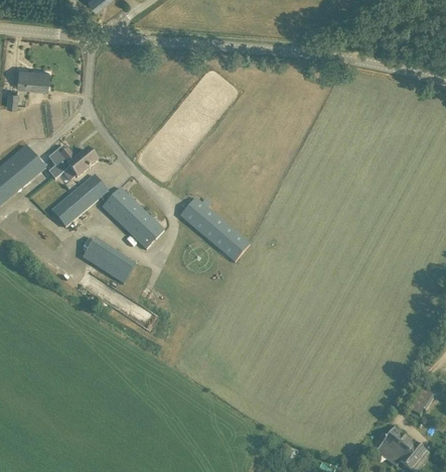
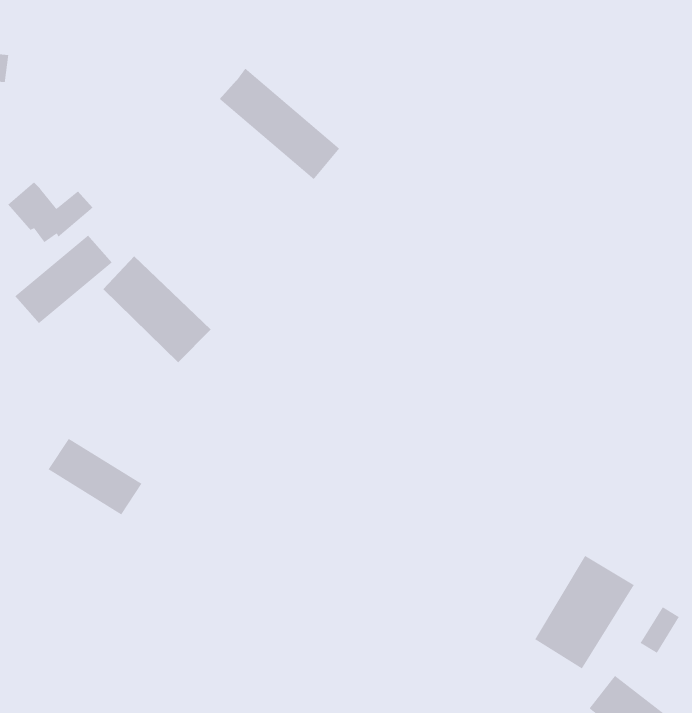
building: [179,197,249,261] -> [219,67,340,180]
building: [82,238,136,282] -> [47,438,143,515]
building: none -> [534,555,635,669]

